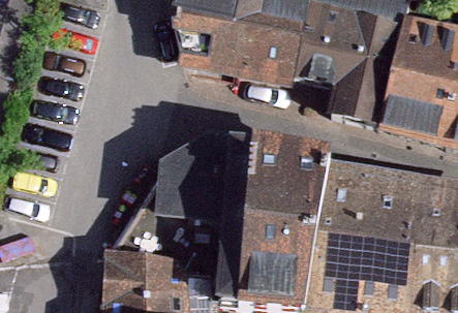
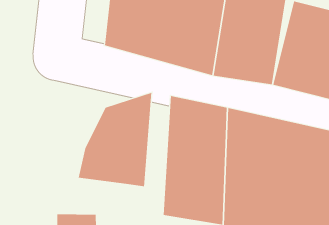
building: [106,245,195,291] -> none

